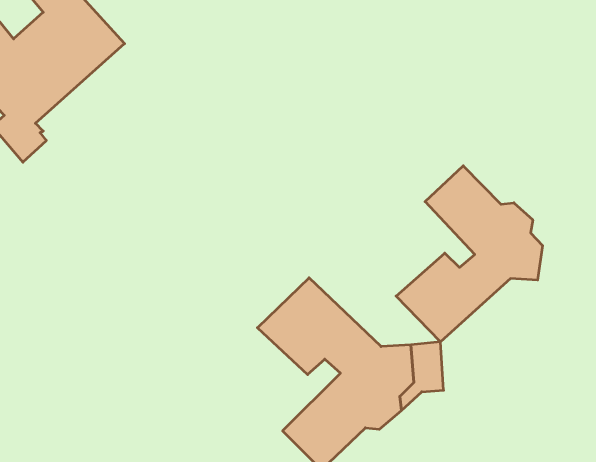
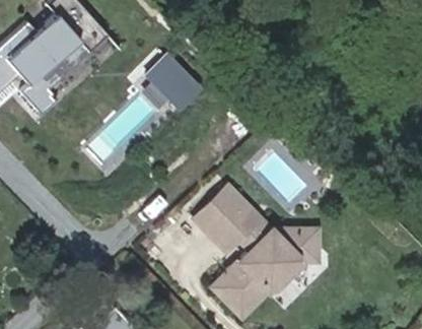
building: none -> [145,54,196,107]
building: [396,166,543,342] -> none

